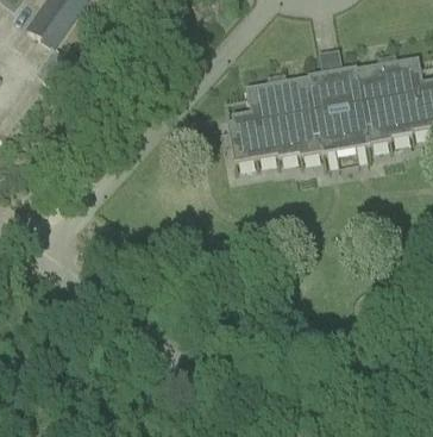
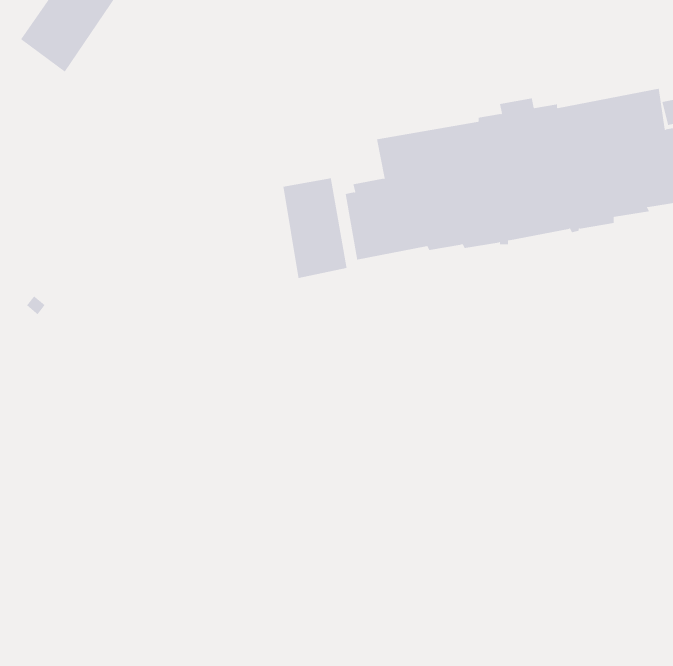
building: none -> [283,177,347,279]

